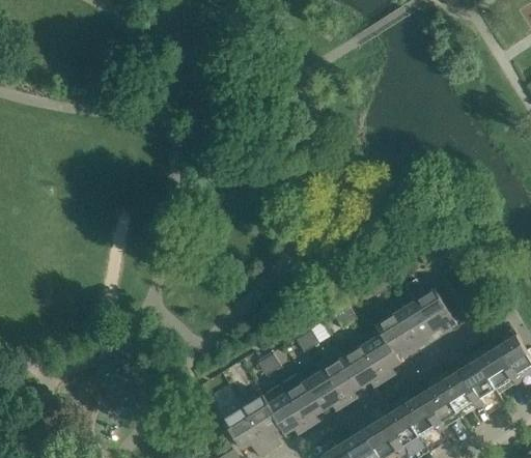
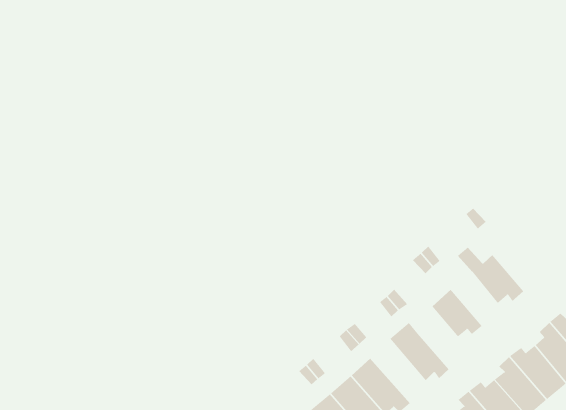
building: [395,302,432,348] -> none
building: [362,334,400,380] -> none
building: [318,349,362,404] -> none

